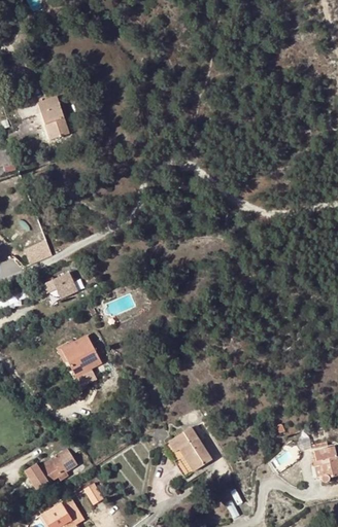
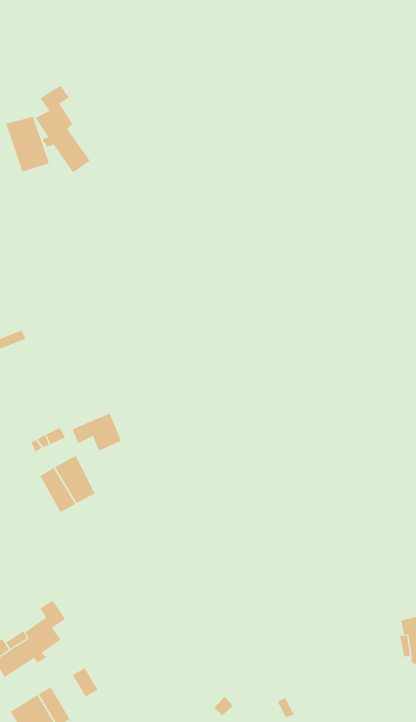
building: none -> [35,85,90,173]
building: [41,272,76,298] -> [72,413,122,451]
building: [163,427,212,478] -> none

